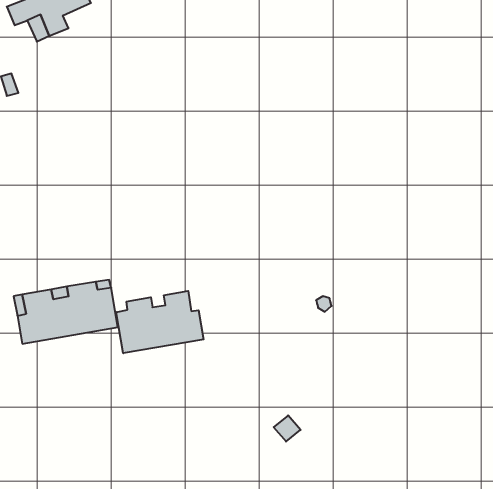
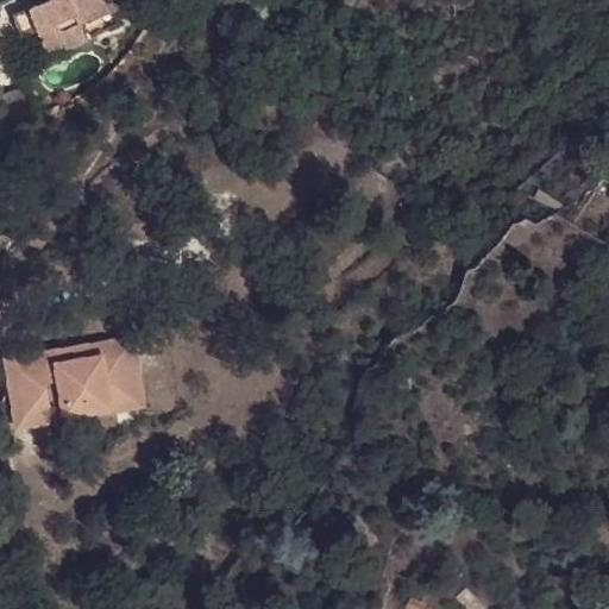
building: [116,291,204,353] -> none

